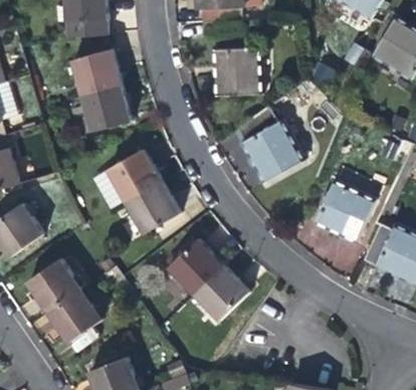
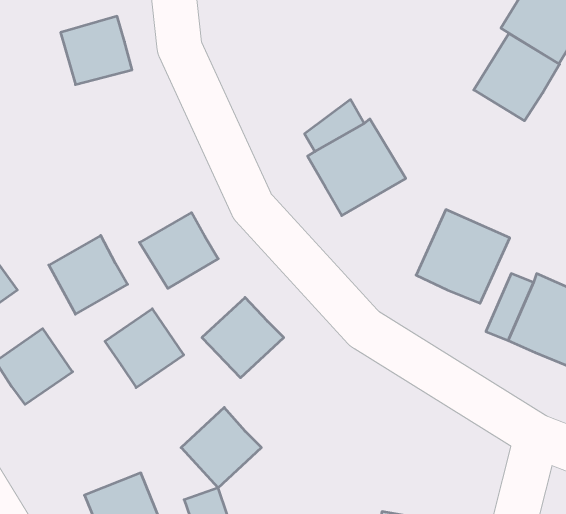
building: [212,45,262,95] -> none
building: none -> [474,33,560,121]
building: [82,84,131,130] -> none
building: [108,148,161,201] -> [49,235,128,314]
building: [194,265,248,320] -> [181,407,261,488]
building: [48,288,101,342] -> [105,309,184,388]

